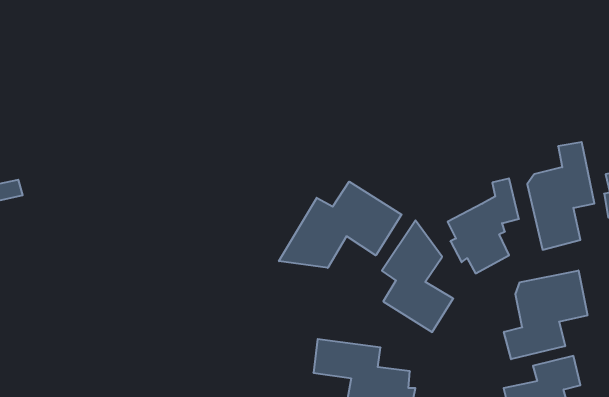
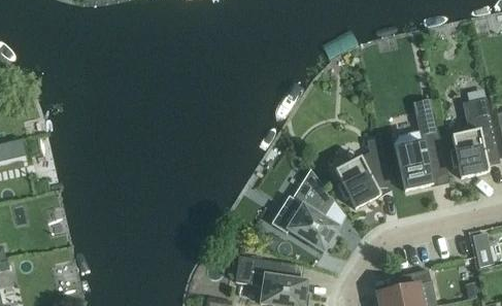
building: [279,182,402,268] -> none
building: [504,270,587,359] -> none

